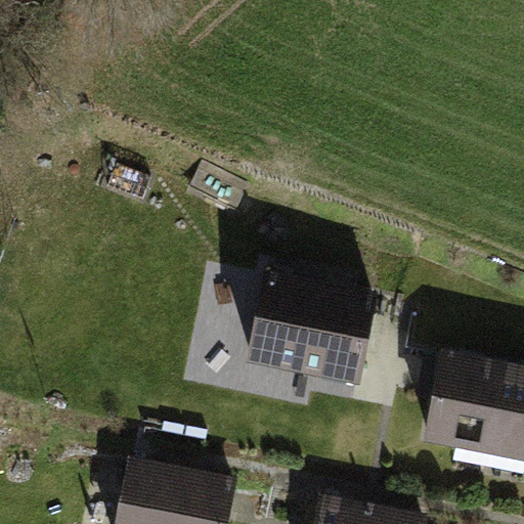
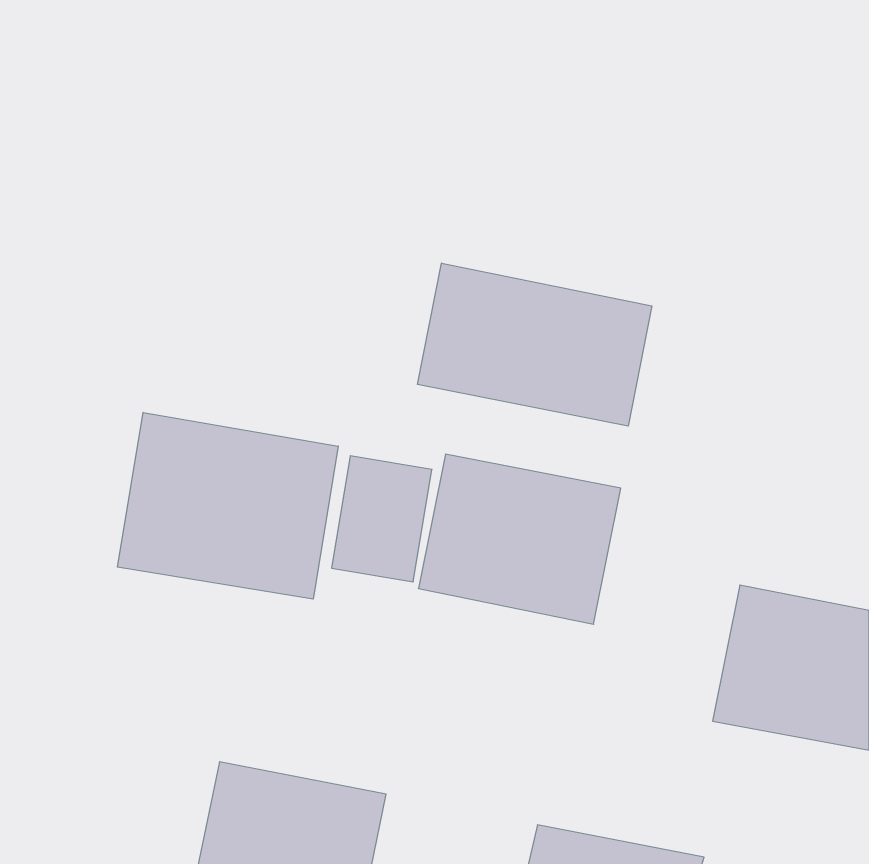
building: none -> [417,263,652,426]
building: none -> [117,412,338,599]

